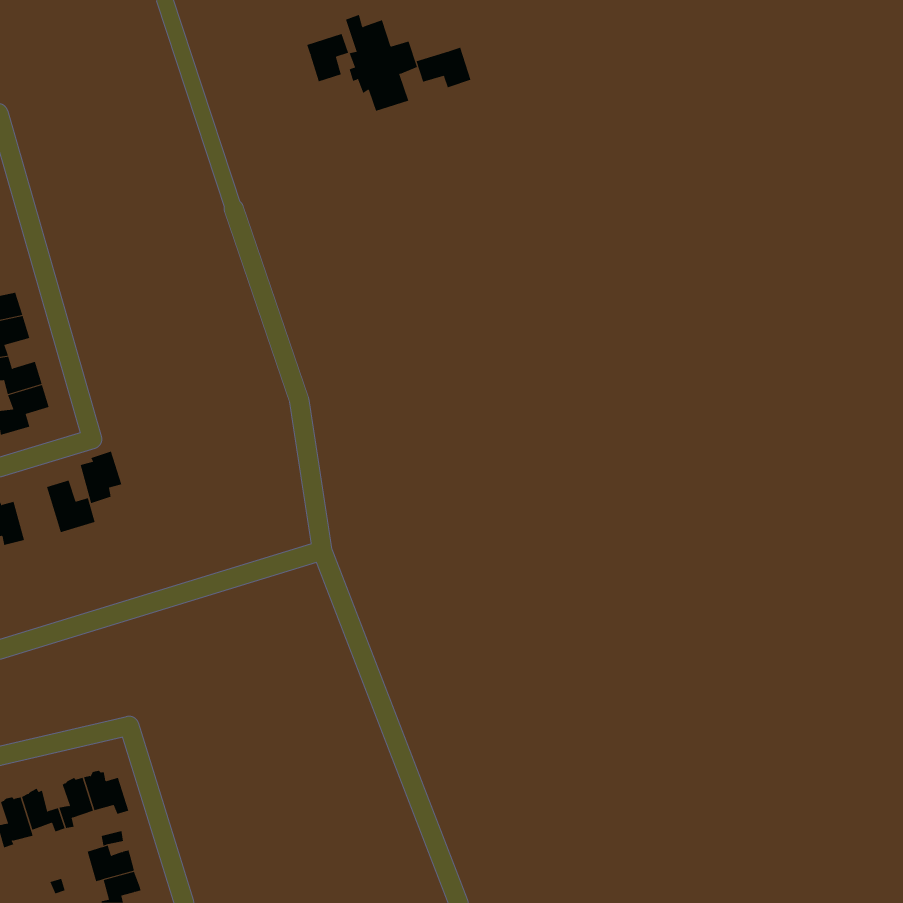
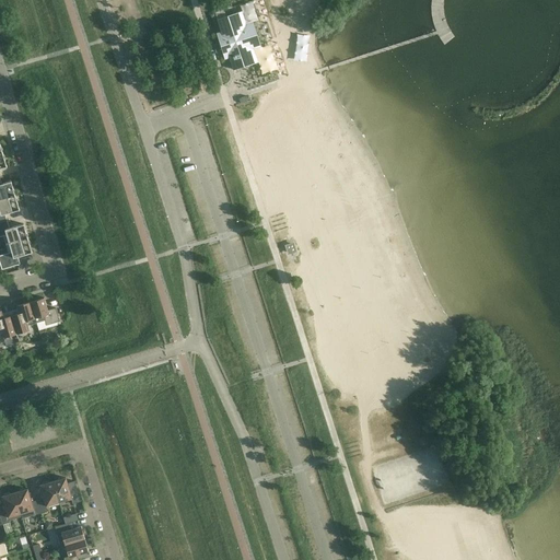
building: [307,33,349,82] -> none
building: [416,47,471,88] -> none
building: [80,451,122,504] -> [9,301,35,334]

